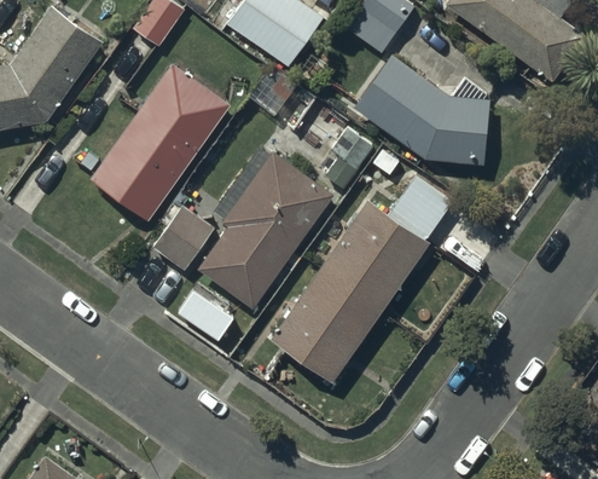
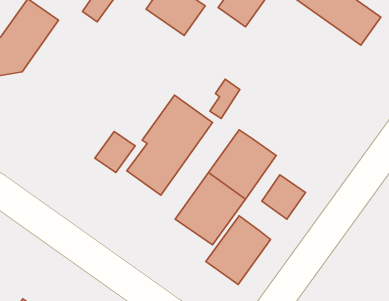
building: [356,58,488,161] -> none
building: [95,69,226,217] -> none
building: [388,178,453,244] -> [262,175,305,219]
building: none -> [206,216,271,285]

